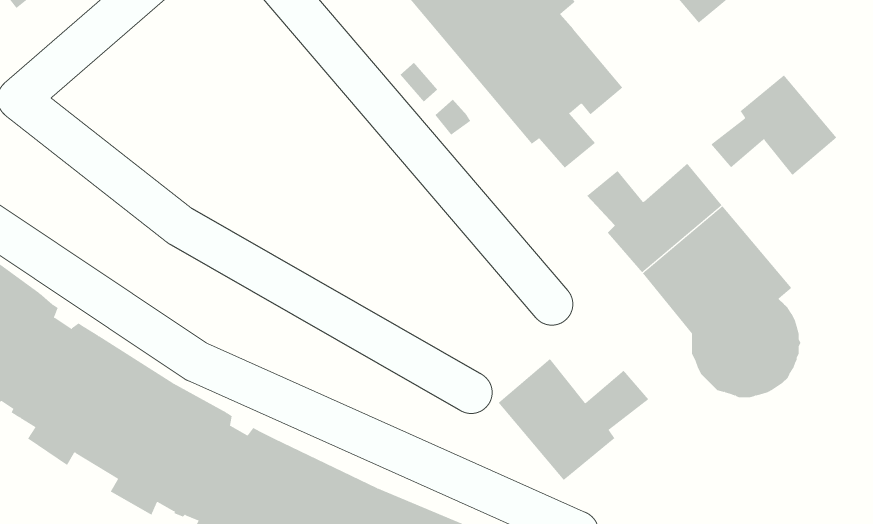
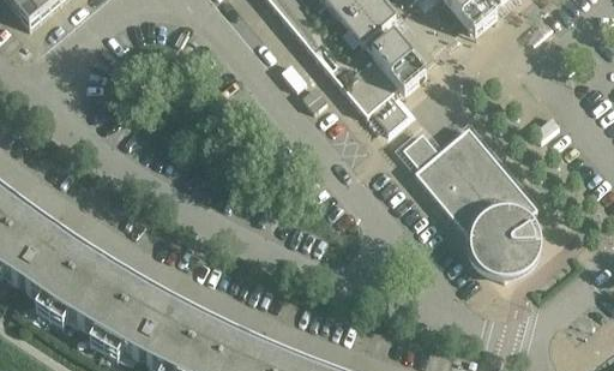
building: [710,75,837,176] -> none
building: [498,358,649,481] -> none

